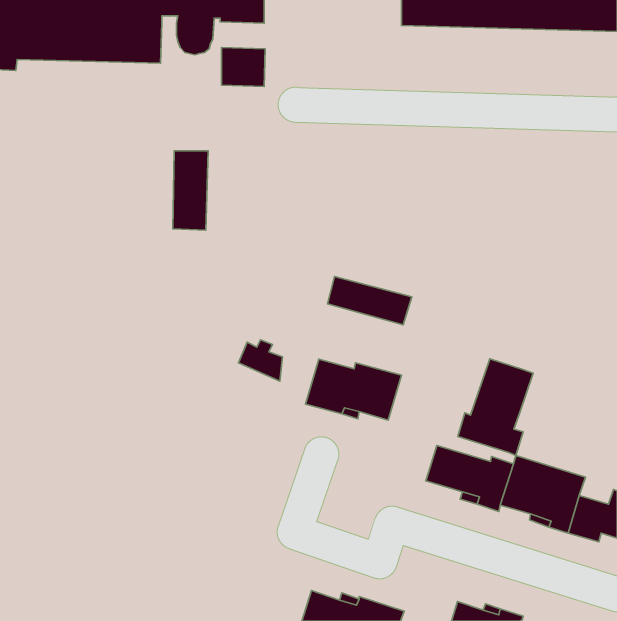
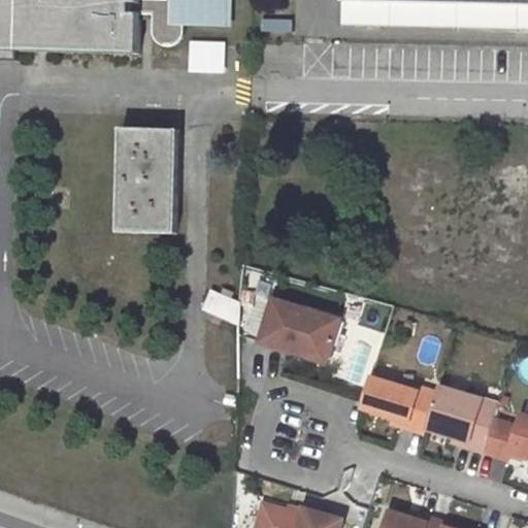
building: none -> [114,126,174,234]
building: [328,277,412,325] -> none
building: [458,359,533,455] -> none

